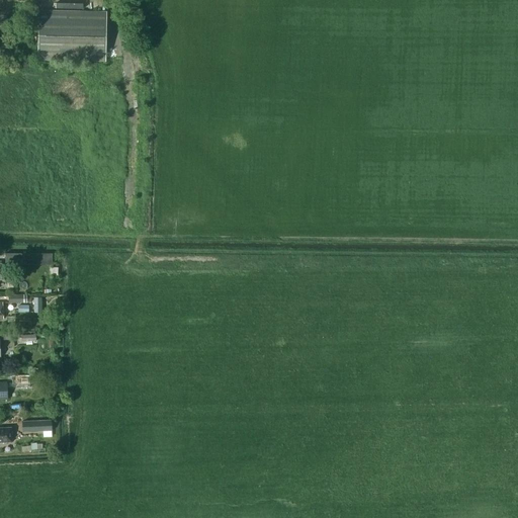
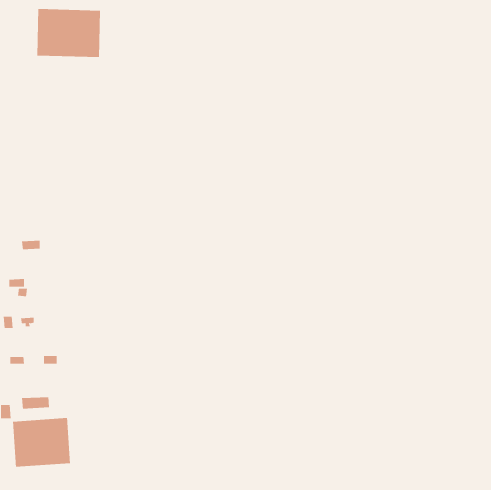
building: none -> [13,417,70,468]

